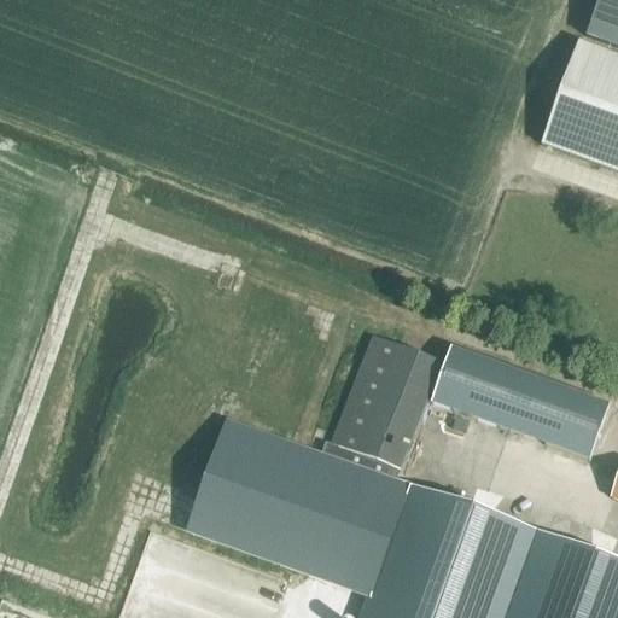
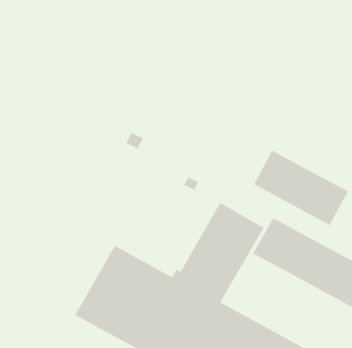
building: none -> [253,150,348,226]

